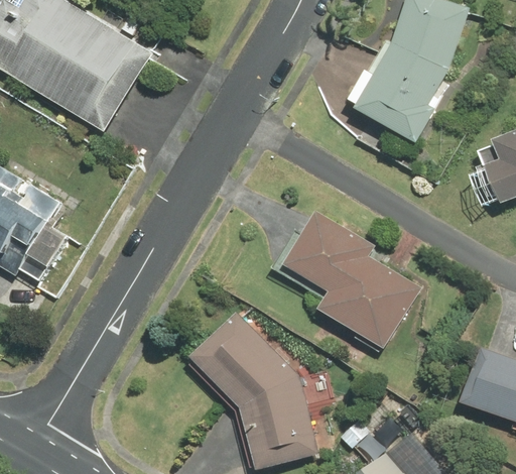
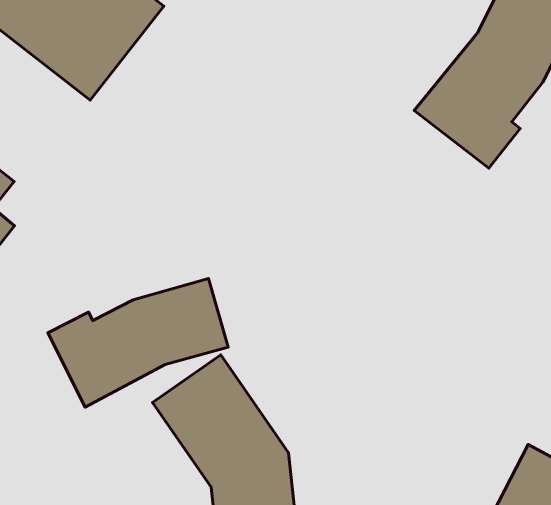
building: [286,210,417,345] -> none
building: none -> [48,278,228,407]

